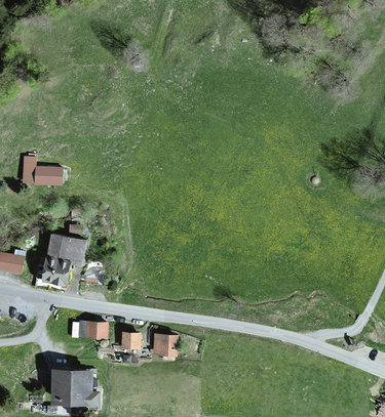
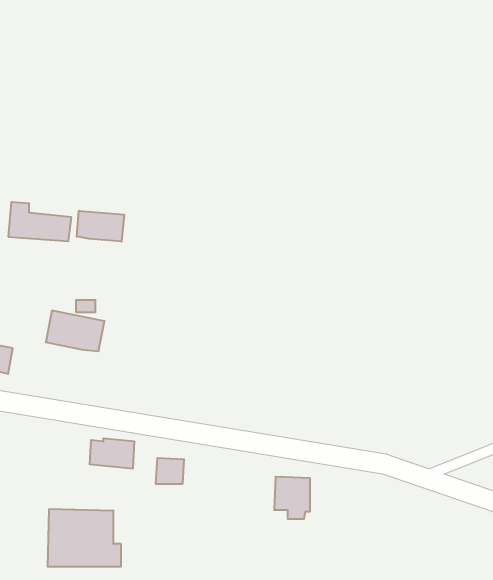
building: none -> [77,211,124,242]
building: [35,253,73,285] -> none
building: [152,332,177,361] -> [274,477,310,519]

